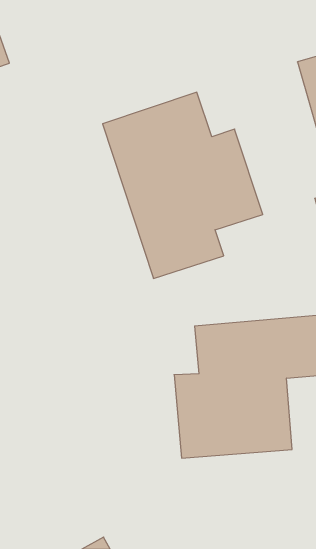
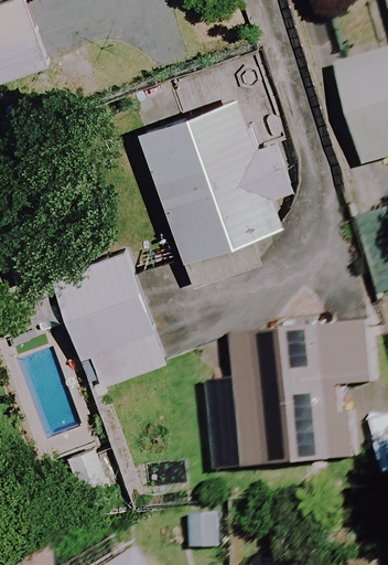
building: none -> [47,247,162,387]

